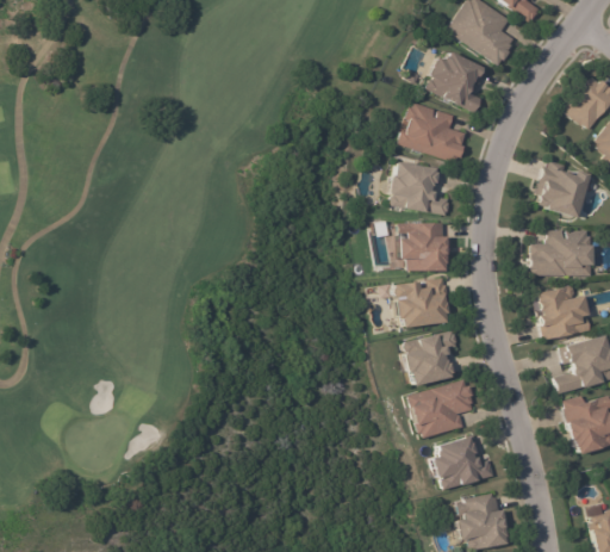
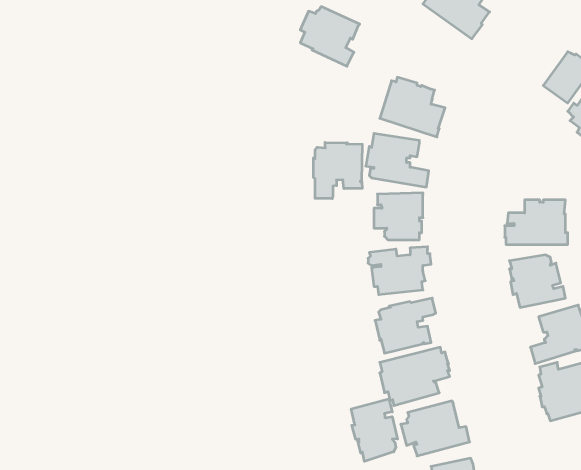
building: [429,51,490,112] -> [300,7,360,66]
building: [540,160,590,217] -> none
building: none -> [313,142,362,199]
building: none -> [351,399,398,461]

